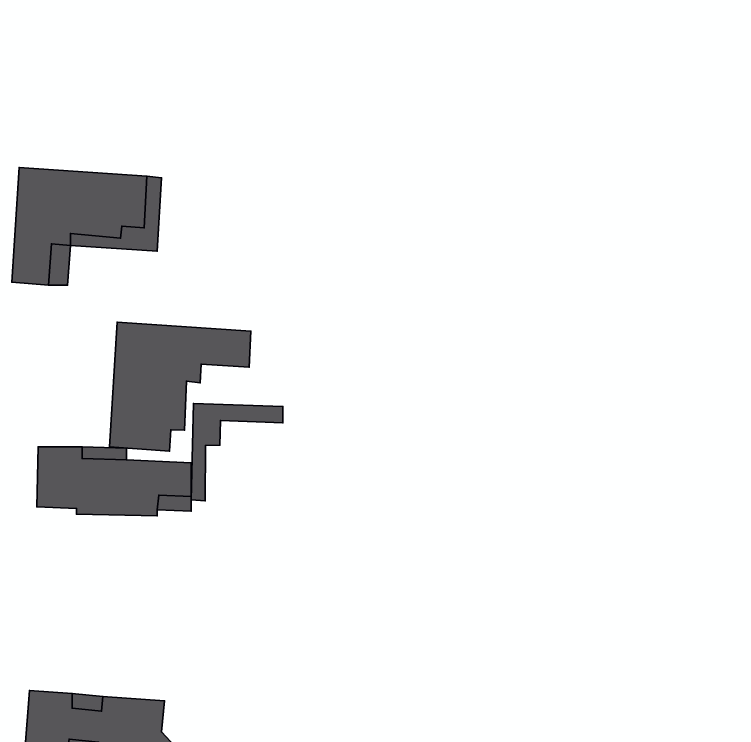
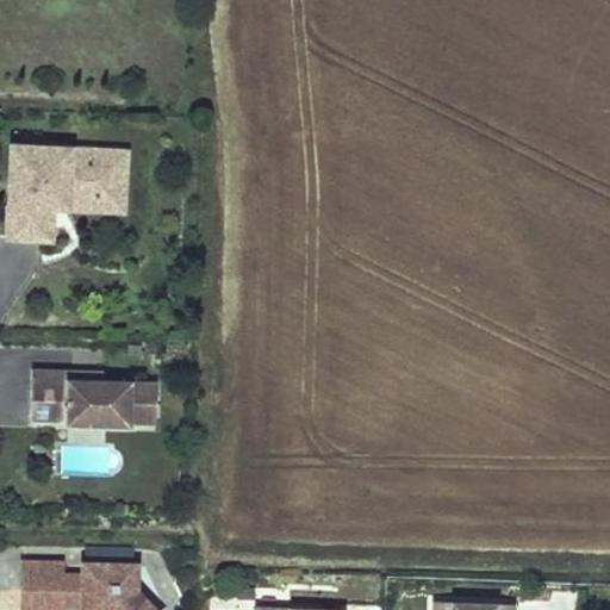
building: [110,322,251,451] -> none
building: [191,404,283,501] -> none

